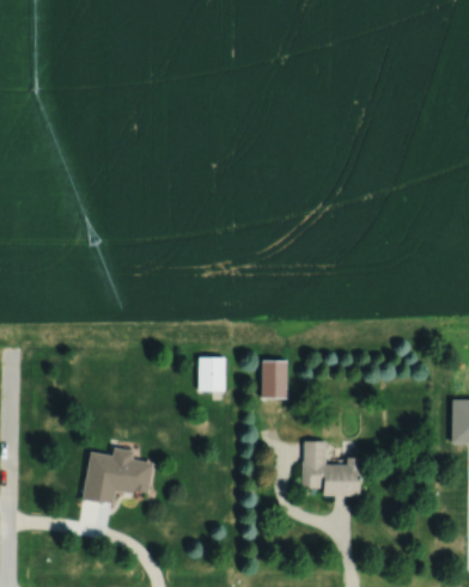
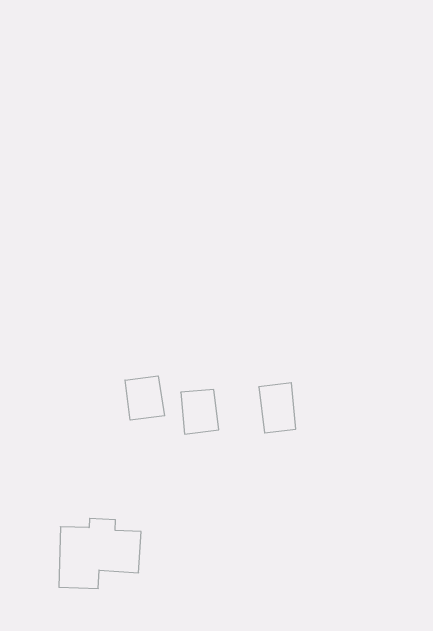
building: none -> [125,376,165,420]
building: [302,441,361,495] -> none

